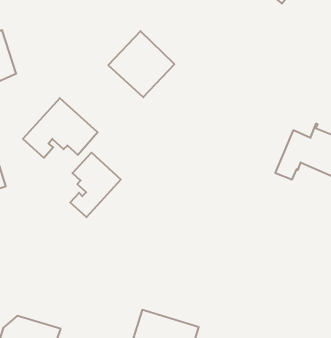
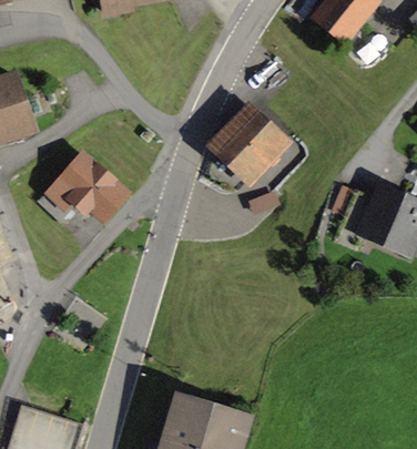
building: [108,31,174,97] -> [211,103,288,181]
building: [70,153,121,217] -> none

